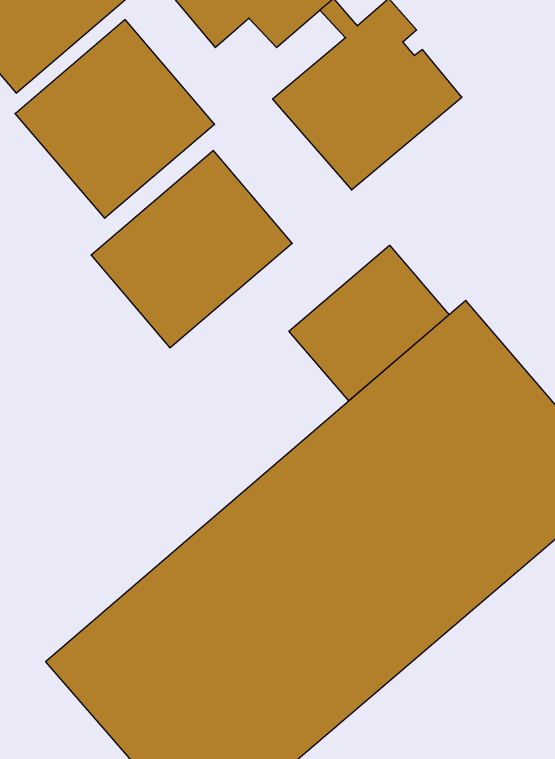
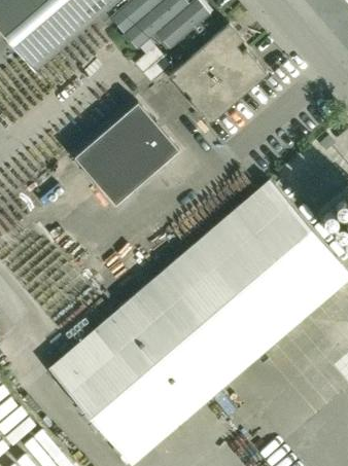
building: [15,20,215,218] -> none
building: [289,245,449,401] -> none

